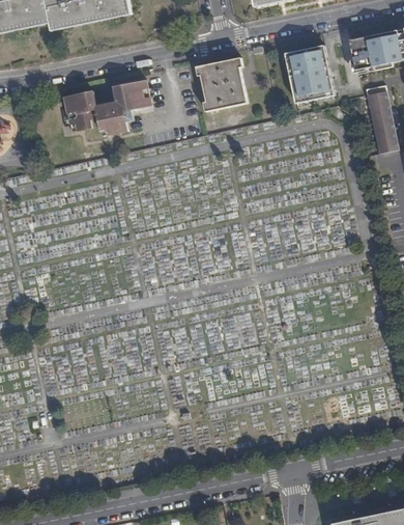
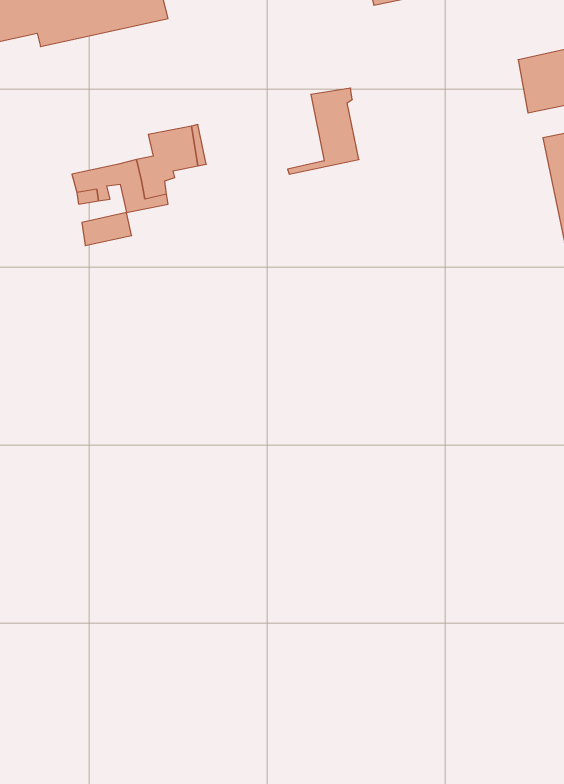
building: [282,46,330,103] -> none
building: [195,61,225,108] -> none
building: [65,90,96,111] -> [82,212,132,246]

